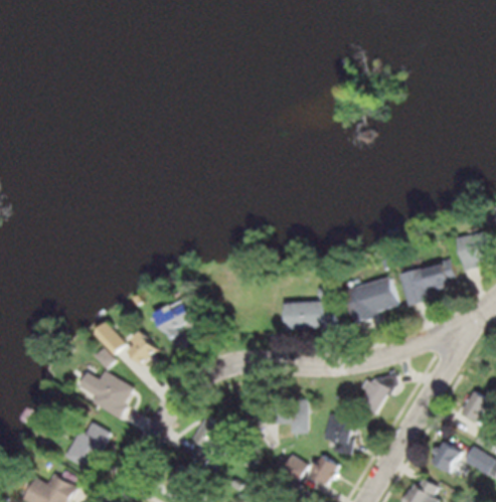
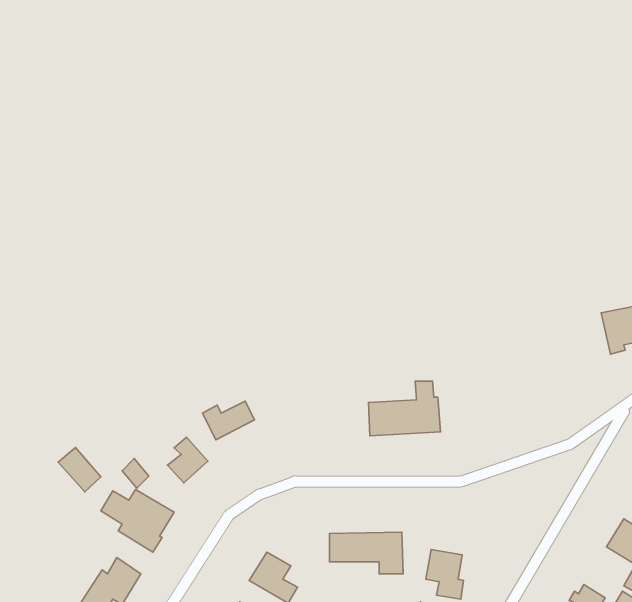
building: [398,260,455,305] -> none
building: [346,277,395,322] -> none
building: [95,322,127,355] -> [58,448,101,492]
building: [356,374,395,414] -> none

